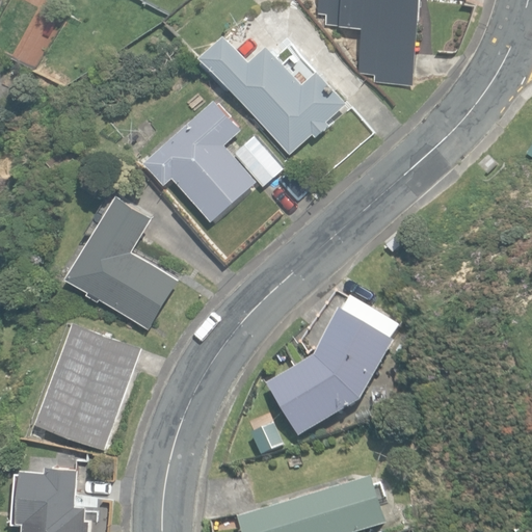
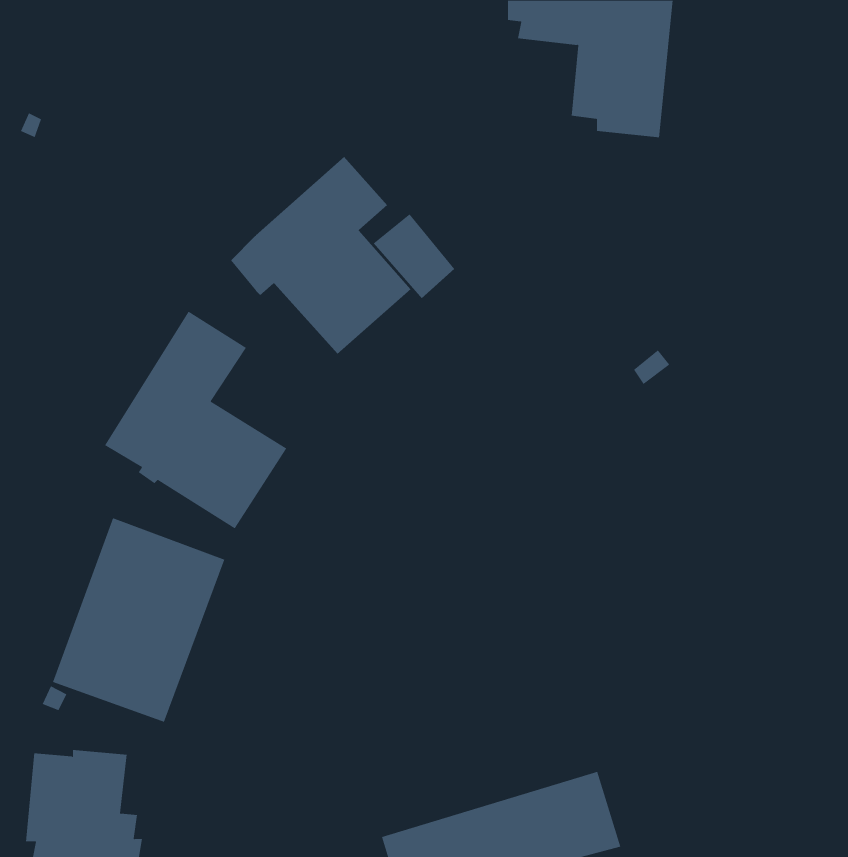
building: [200,33,345,153] -> none
building: [265,300,397,438] -> none

